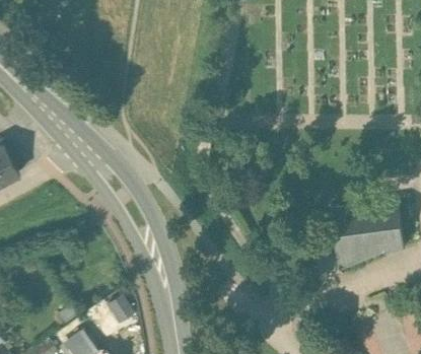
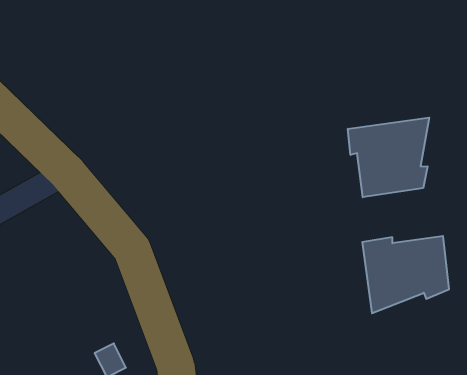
building: none -> [348,118,429,197]

